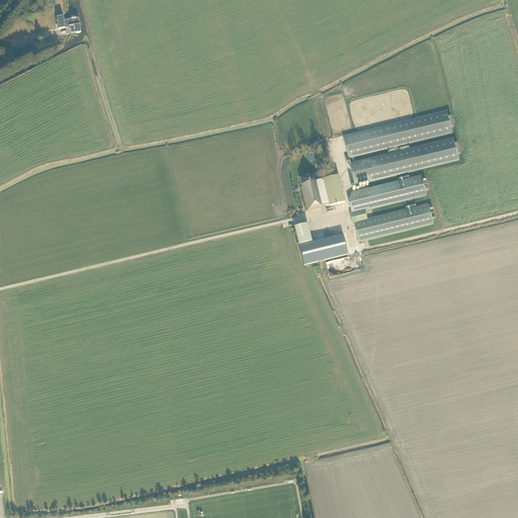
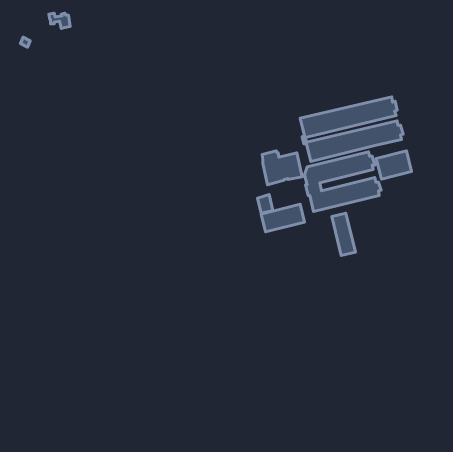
building: none -> [376,151,412,179]
building: none -> [332,213,355,256]

